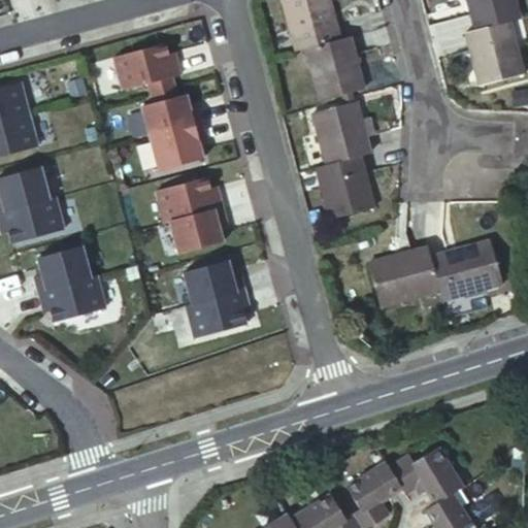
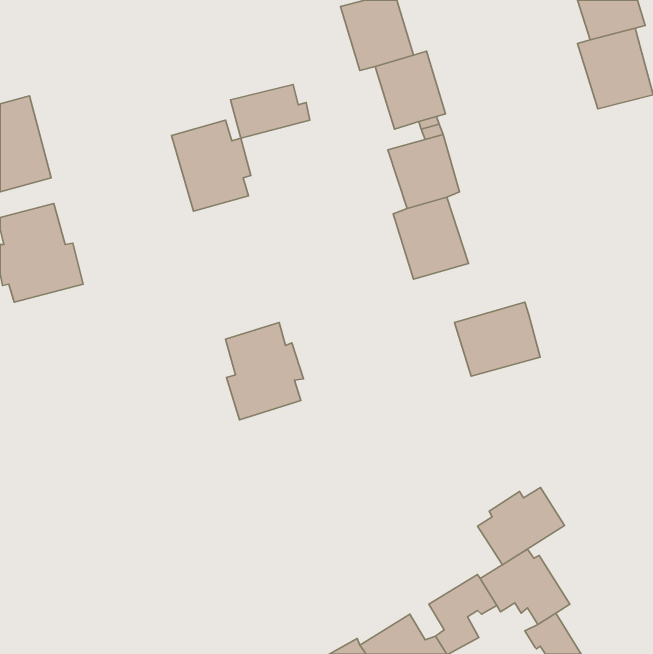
building: [113,47,177,91] -> [230,84,310,138]
building: [155,179,224,254] -> none
building: [427,236,501,297] -> none
building: [36,242,110,321] -> none
building: none -> [478,488,565,565]

